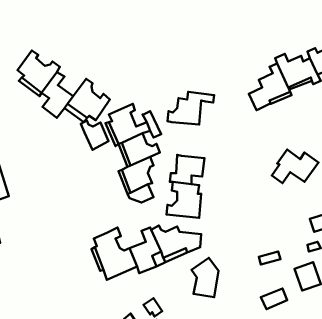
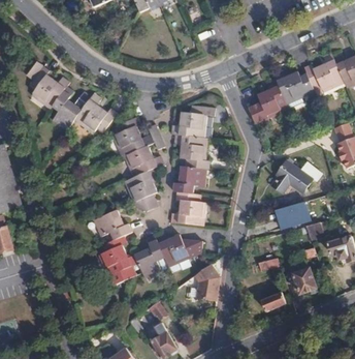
building: [81,121,109,150] -> none
building: none -> [174,134,209,169]
building: none -> [277,202,310,229]
building: none -> [93,210,132,240]

